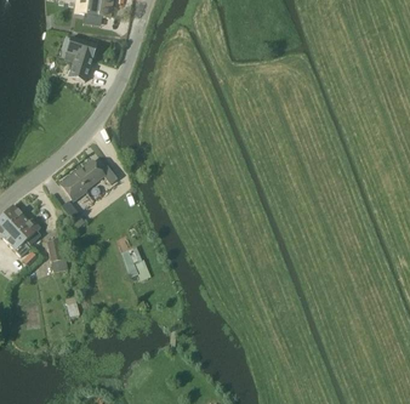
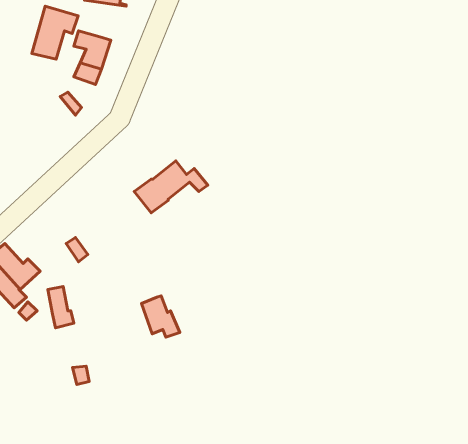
building: none -> [32,6,78,59]
building: [59,159,118,200] -> [134,161,208,213]

